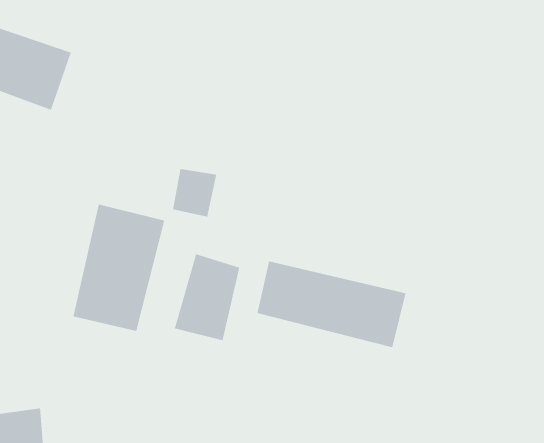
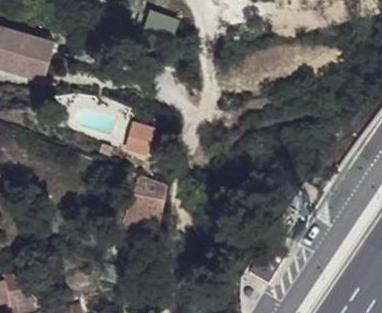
building: [73,203,165,332] -> none
building: [256,261,407,348] -> none

